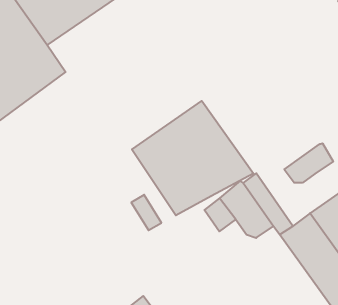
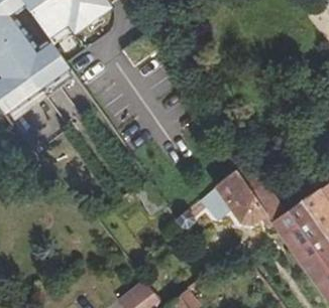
building: [132,101,254,215] -> none
building: [284,143,333,183] -> none

